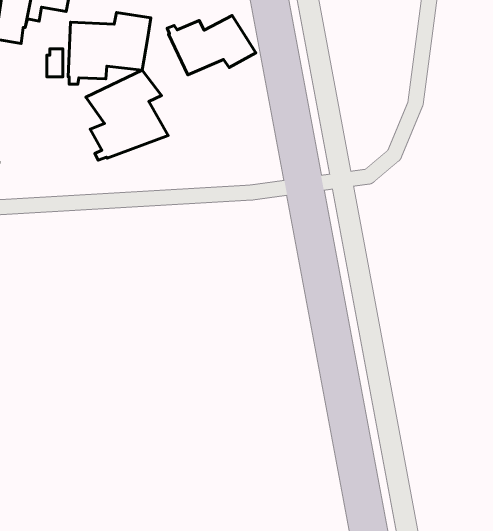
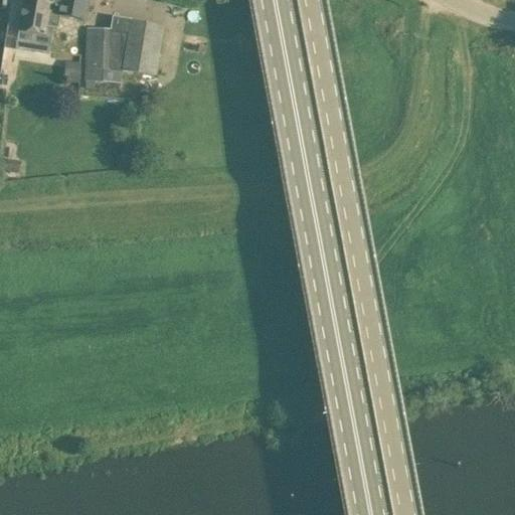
building: [167,16,256,75] -> none
building: [86,70,168,160] -> none

